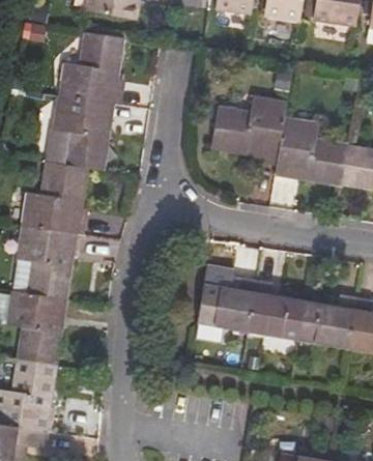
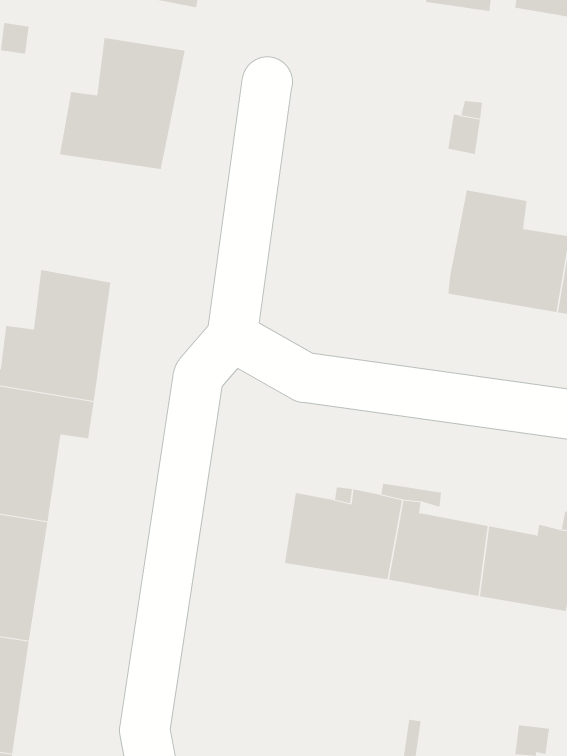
building: [53,94,120,169] -> none
building: [218,100,291,162] -> none

